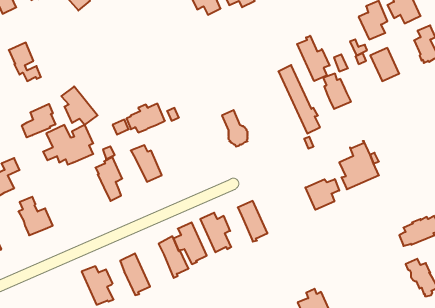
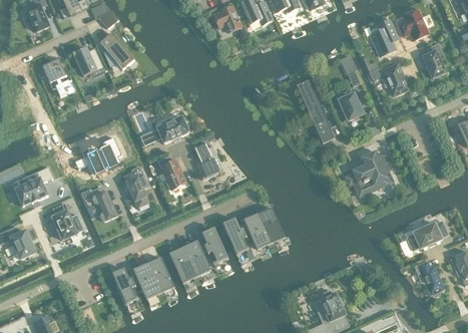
building: none -> [71,47,103,75]
building: [297,36,330,81] -> none
building: [61,86,98,125] -> [99,32,133,68]
building: [22,104,55,137] -> none
building: [222,110,248,147] -> [193,141,217,176]
building: none -> [81,186,117,221]
building: [305,179,339,210] -> none
building: none -> [244,213,271,250]
building: none -> [168,247,196,283]
building: none -> [132,263,160,300]

